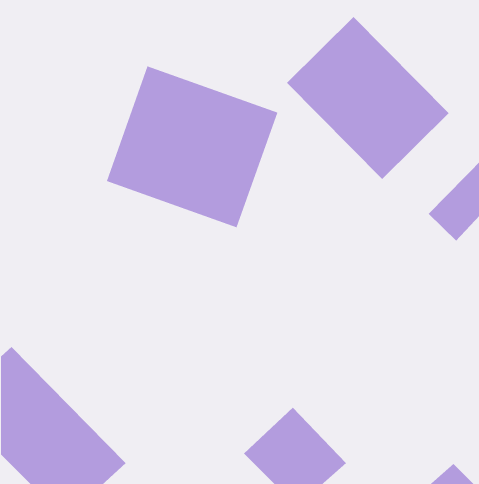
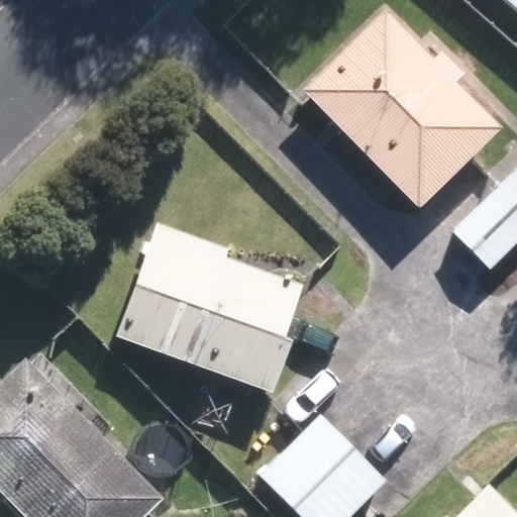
building: [106,65,278,228] -> none
building: none -> [123,231,297,380]

